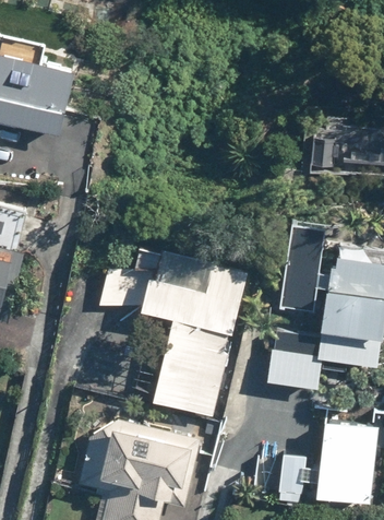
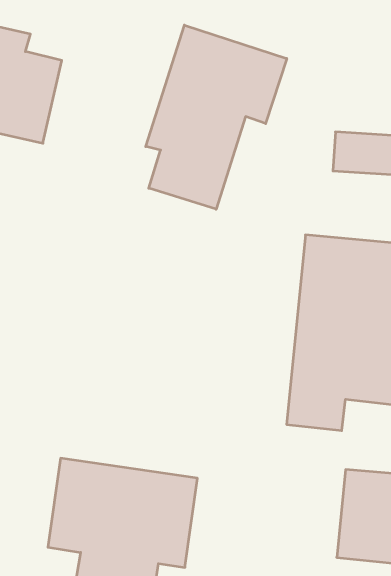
building: none -> [146,25,287,209]
building: [101,241,250,422] -> none

